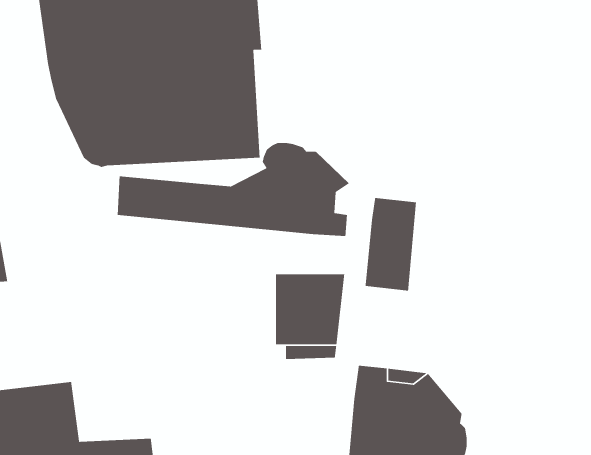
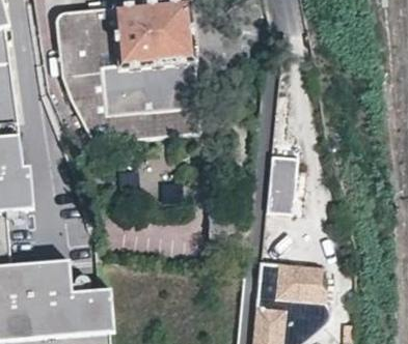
building: [117,142,350,237] -> none

